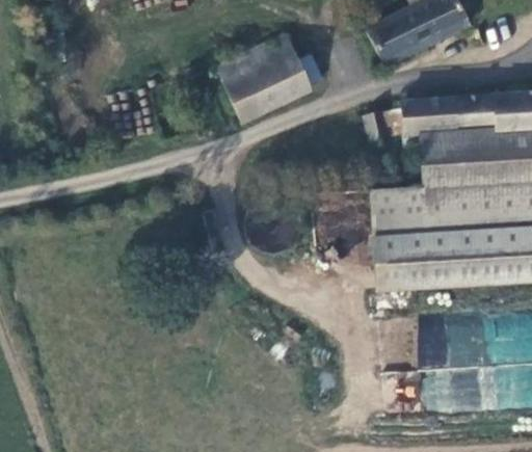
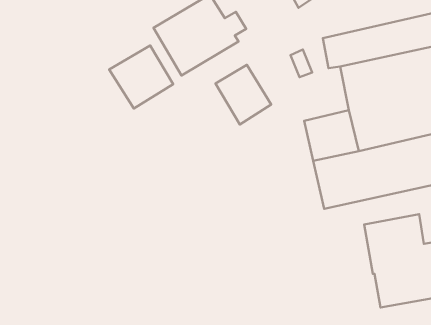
building: none -> [109,45,173,108]
building: none -> [216,65,271,125]

